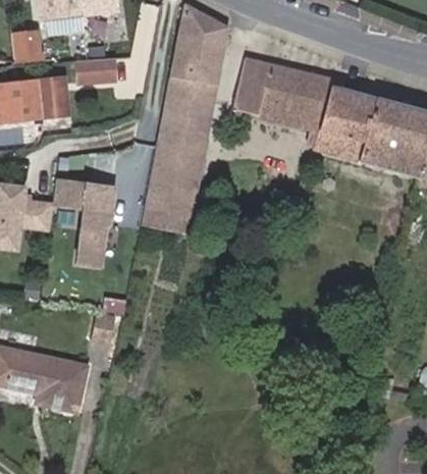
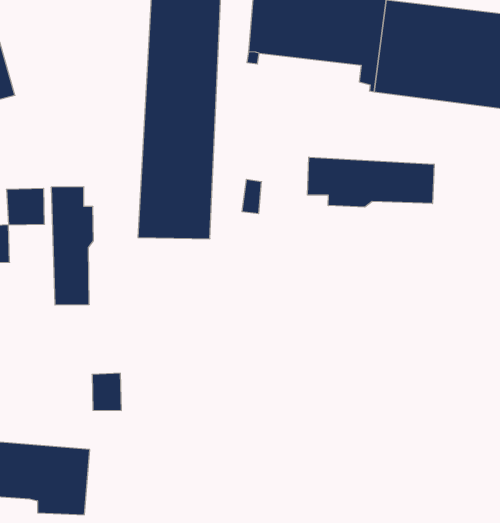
building: [76,61,116,86] -> none
building: none -> [308,157,434,207]

